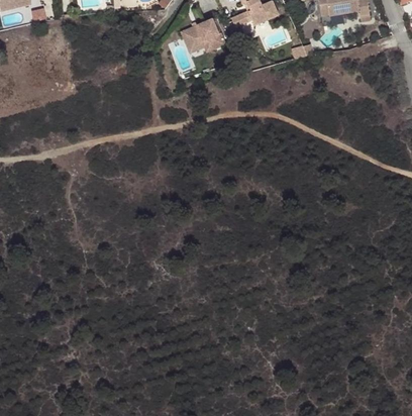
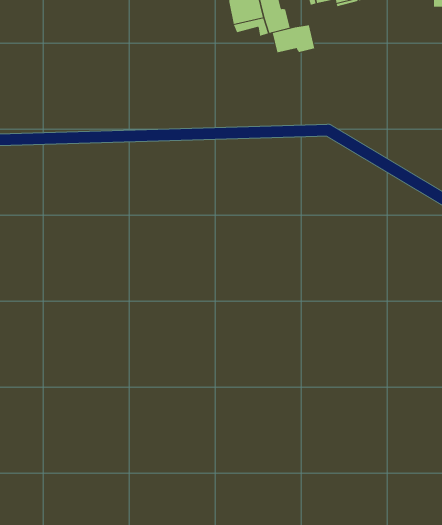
building: none -> [272,25,315,53]

